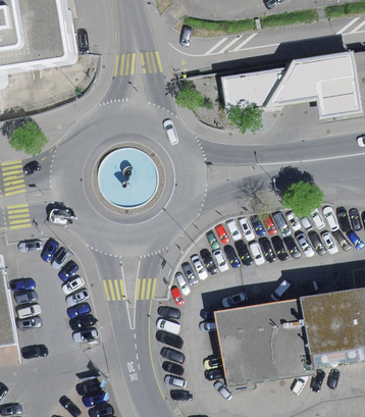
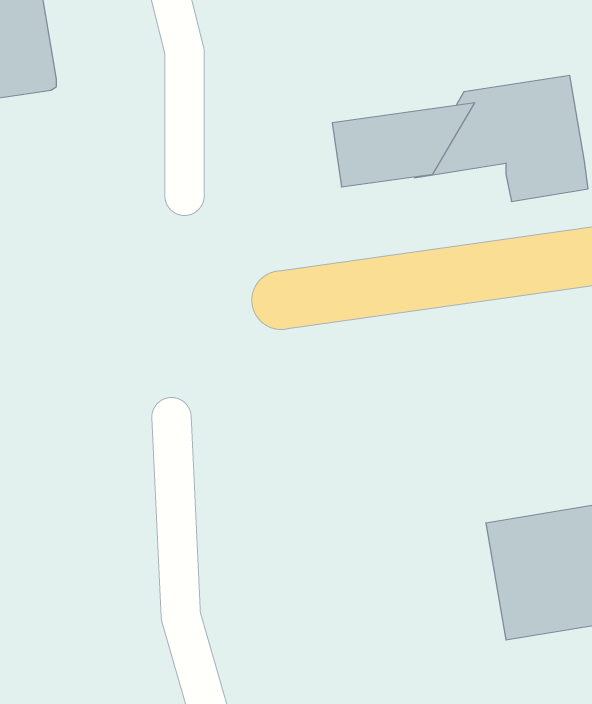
building: [214,299,315,387] -> none

